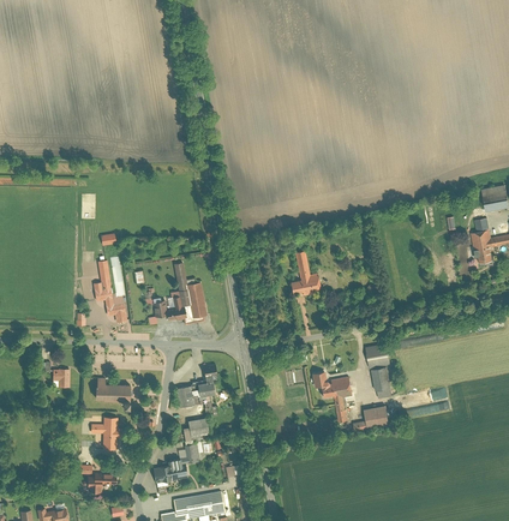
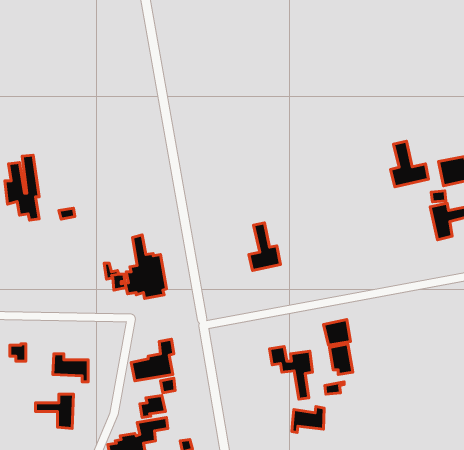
building: none -> [391,141,429,187]
building: [94,258,127,322] -> [5,155,39,220]
building: none -> [292,407,324,433]

